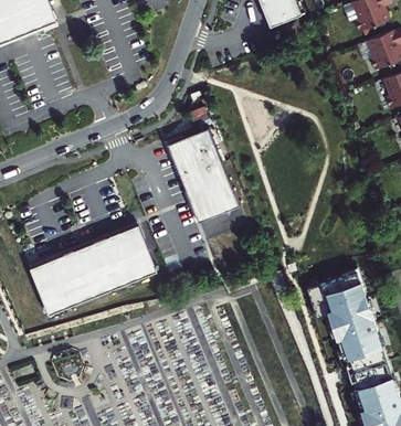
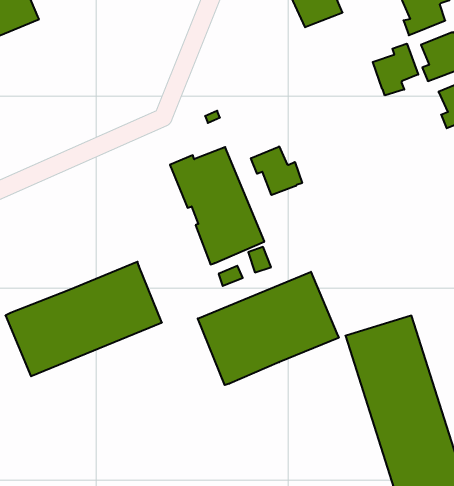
building: none -> [373,44,418,95]
building: none -> [251,146,302,195]
building: none -> [198,272,339,385]

